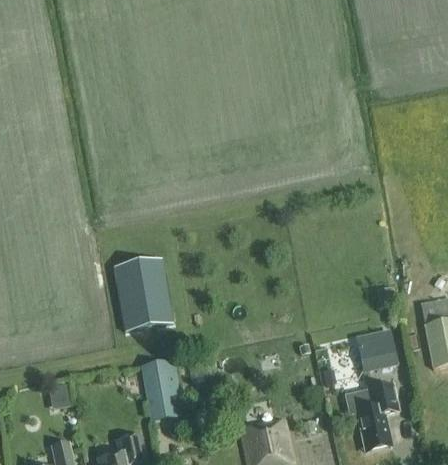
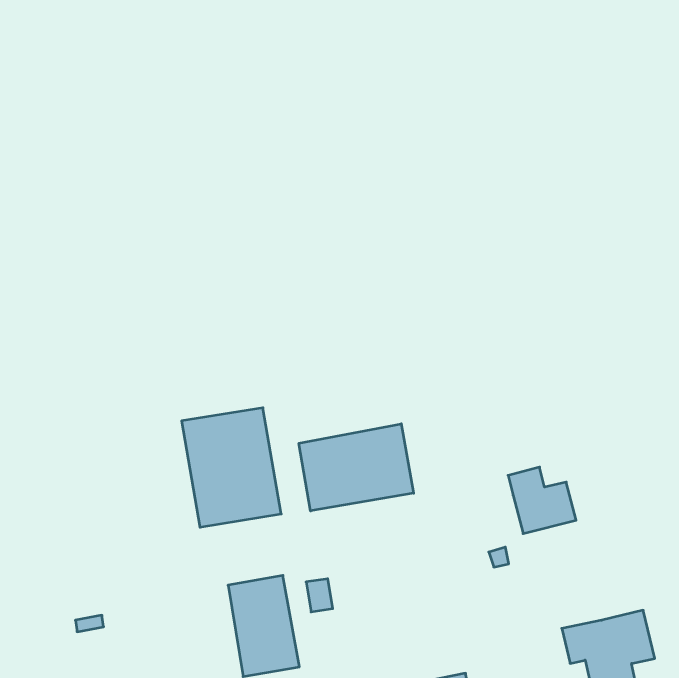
building: none -> [299,424,414,511]
building: [356,332,397,372] -> [508,467,576,534]

